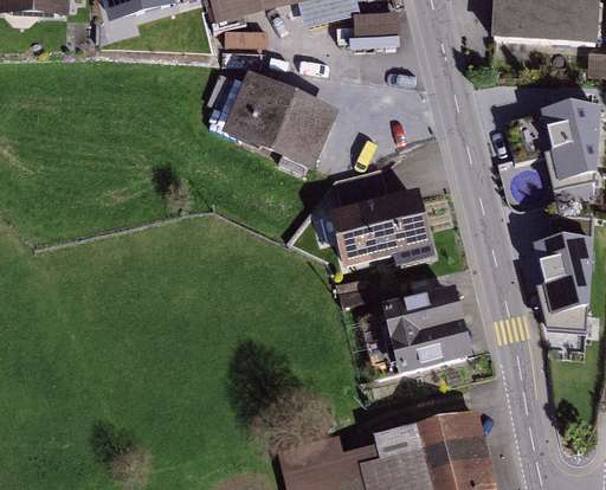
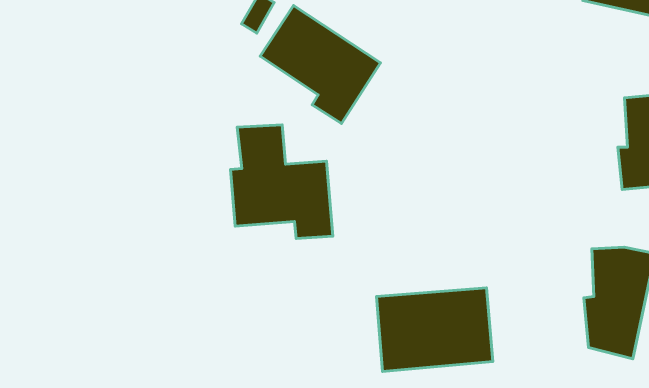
building: [336,169,432,264] -> [230,125,333,239]

